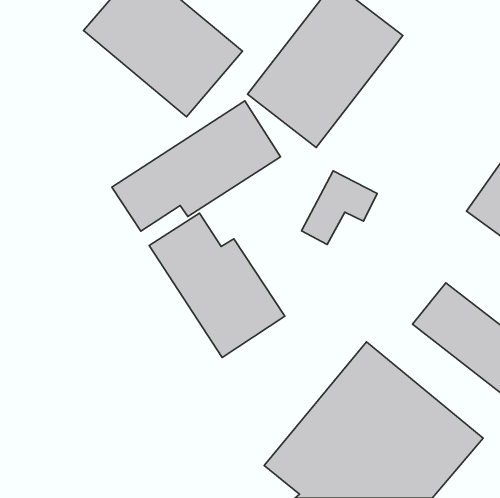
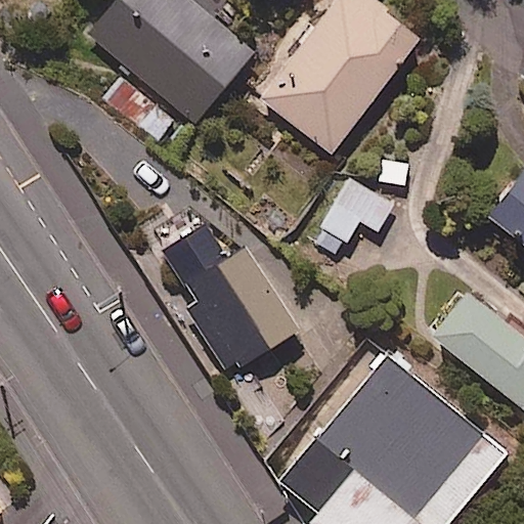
building: [112,101,281,231] -> none

